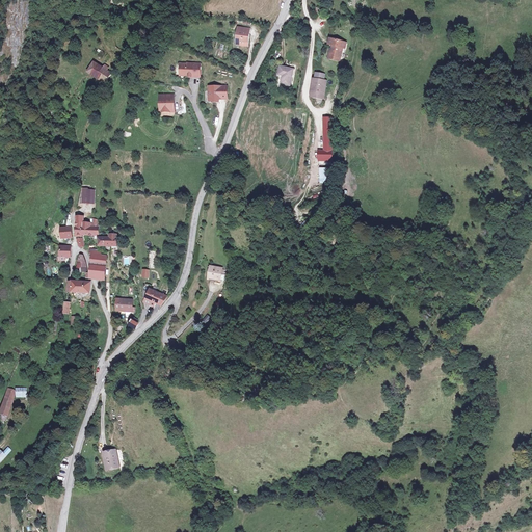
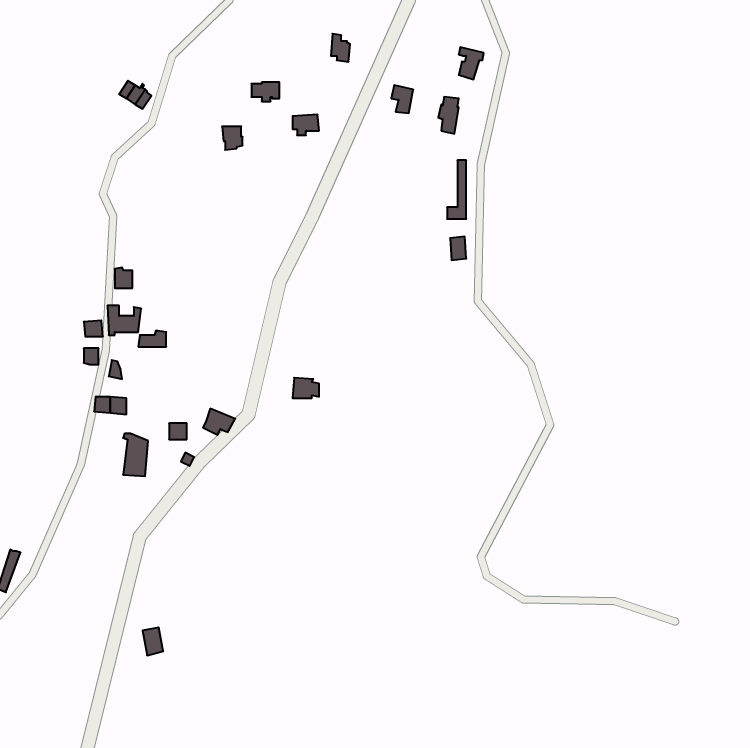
building: [88,252,106,283] -> [123,434,148,476]

